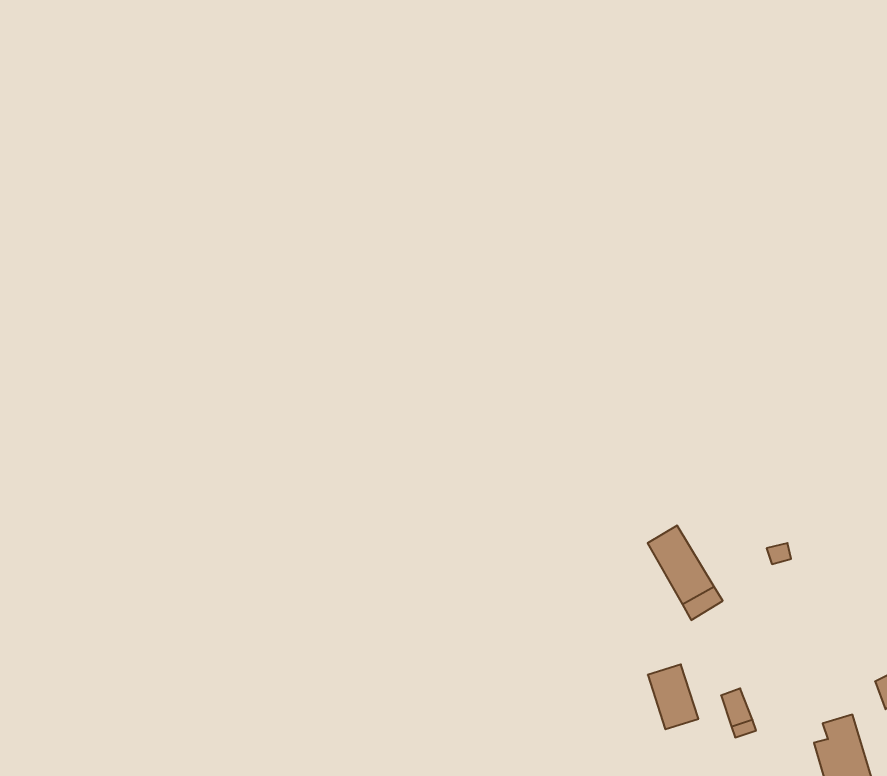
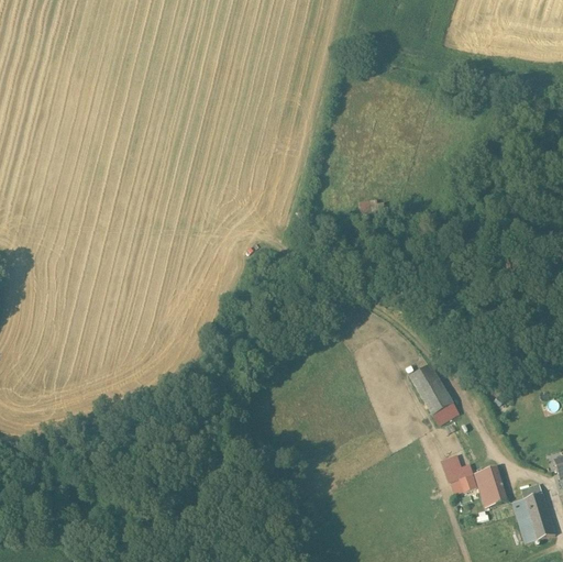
building: [648,664,698,729] -> [474,465,506,506]

